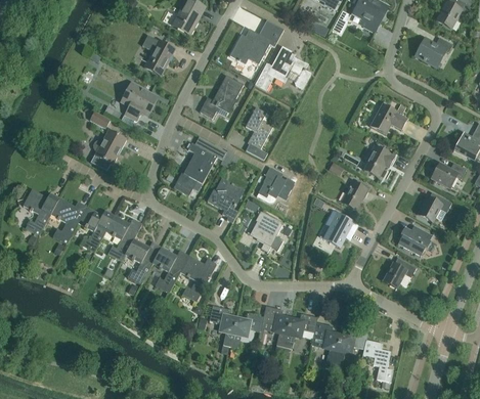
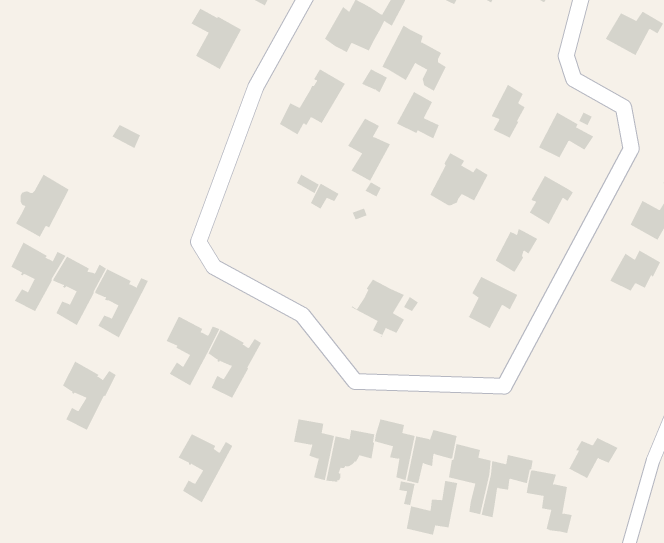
building: [122,84,156,121] -> none
building: none -> [491,84,526,138]
building: none -> [396,91,439,139]
building: [90,129,126,171] -> [15,174,70,237]
building: [173,142,215,195] -> none
building: [256,167,295,203] -> [429,152,488,206]
building: [207,181,243,223] -> none
building: [105,215,141,261] -> [62,361,117,430]
building: [397,227,432,256] -> none
building: [179,256,216,302] -> [177,433,233,503]
building: [381,260,417,290] -> [564,437,618,482]
building: none -> [406,480,458,535]

